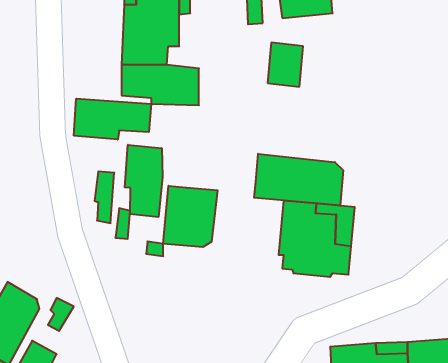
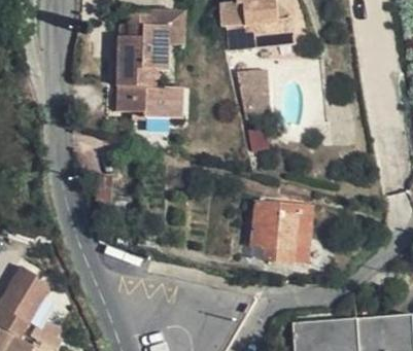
building: [74,99,151,140] -> none
building: [125,145,162,217] -> none
building: [254,154,343,206] -> none
building: [163,186,218,247] -> none

